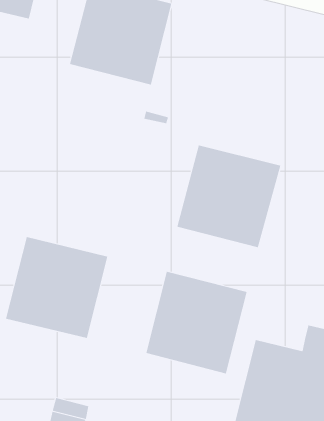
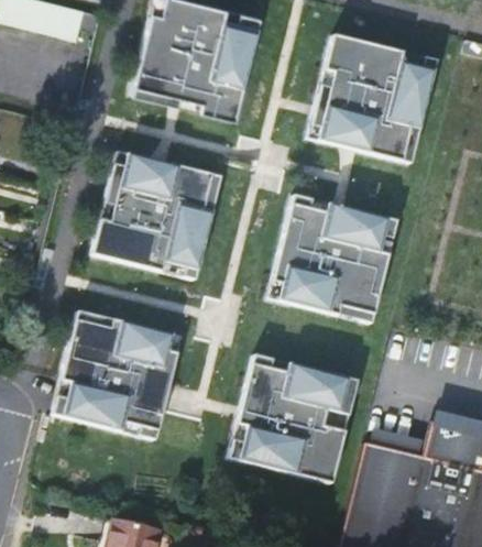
building: none -> [309,33,438,163]
building: none -> [90,149,221,281]

